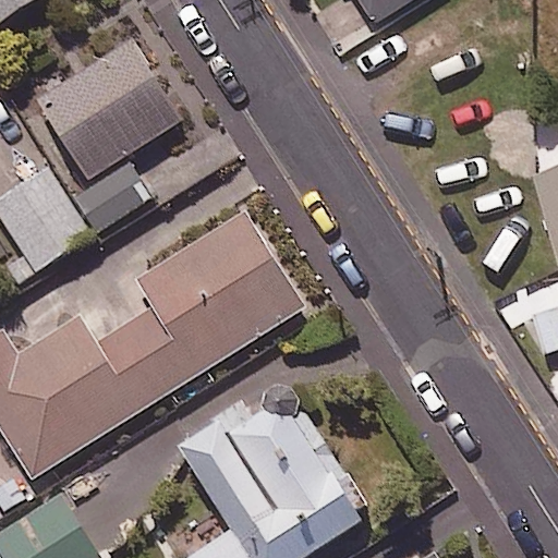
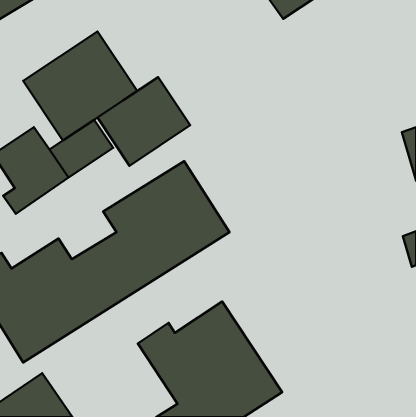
building: none -> [97,77,190,166]

